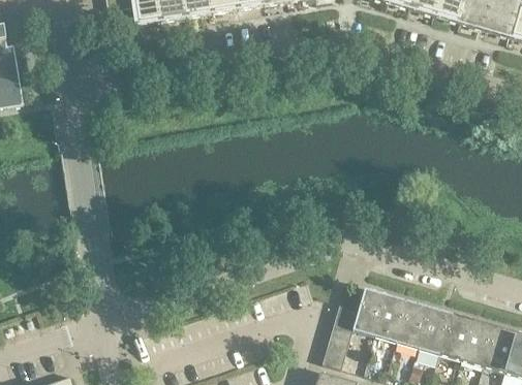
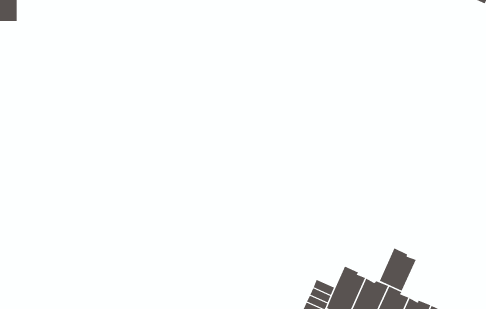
building: none -> [379,247,416,292]

